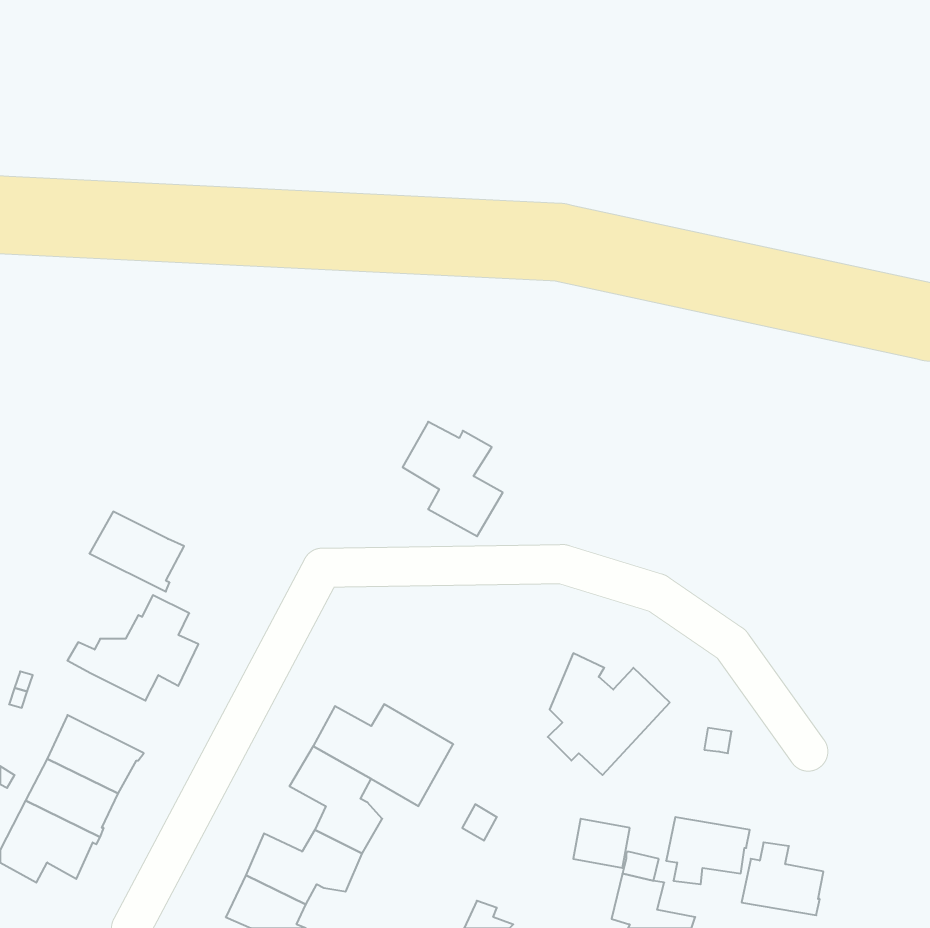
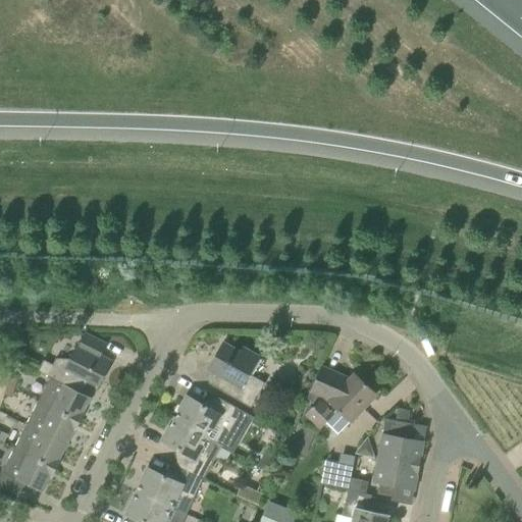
building: [403,422,503,536] -> [209,343,265,407]
building: [89,512,184,592] -> [38,377,91,422]
building: [742,842,823,915] -> [378,424,424,465]

